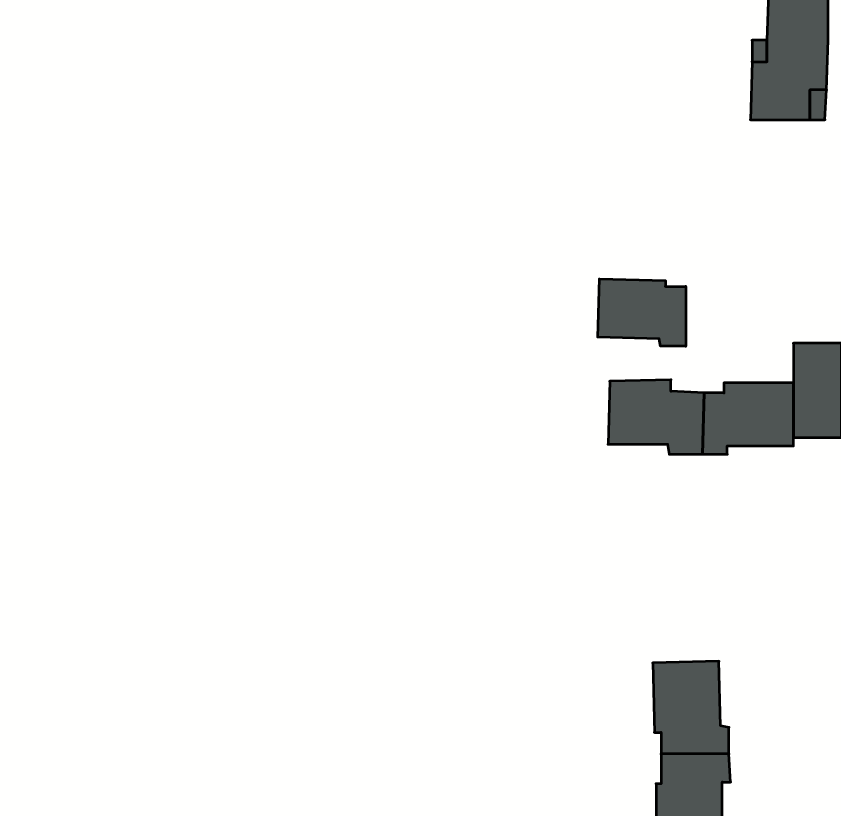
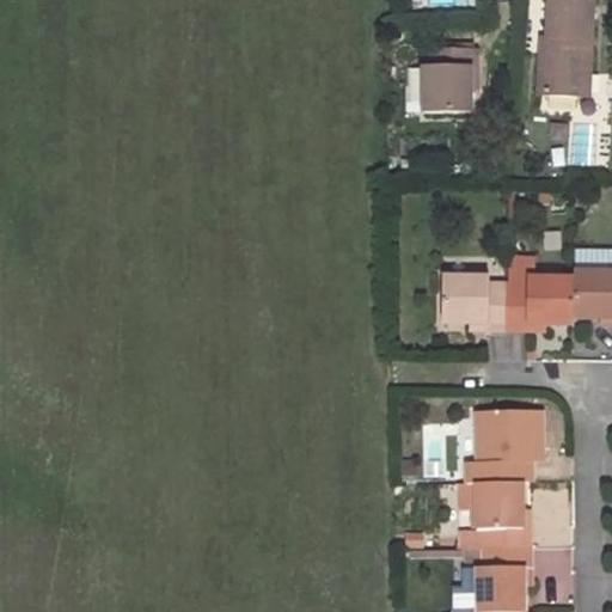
building: none -> [422,50,476,112]
building: [598,279,686,346] -> none
building: none -> [463,409,539,479]

